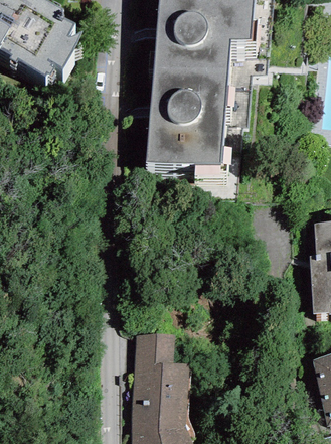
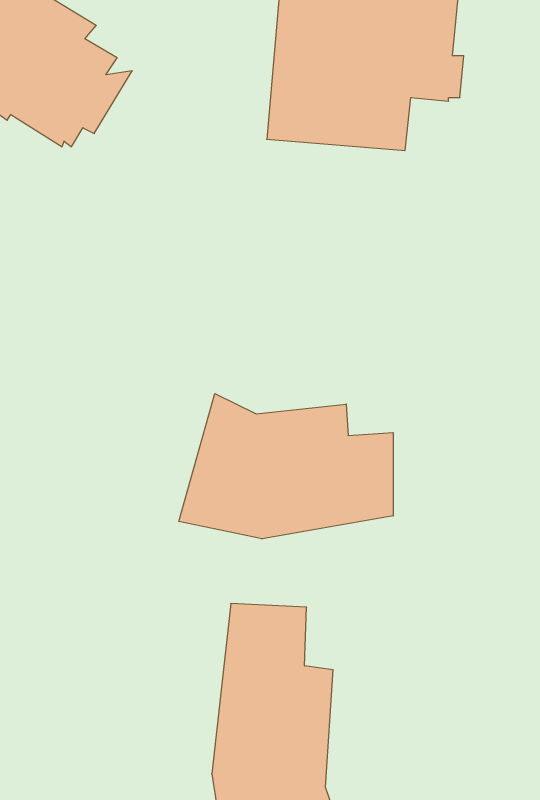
building: [147,87,228,194] -> none
building: none -> [179,394,393,539]

